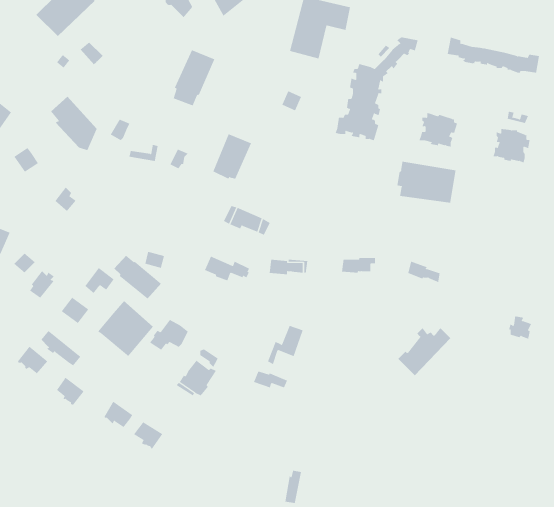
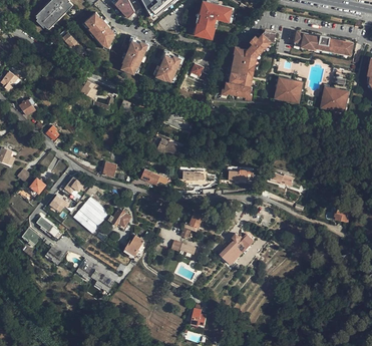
building: [50,96,97,151] -> [84,11,114,46]
building: [212,134,252,179] -> [155,51,180,80]
building: [397,161,456,204] -> none
building: [114,255,162,299] -> none
building: [398,327,451,376] -> [220,234,254,265]

